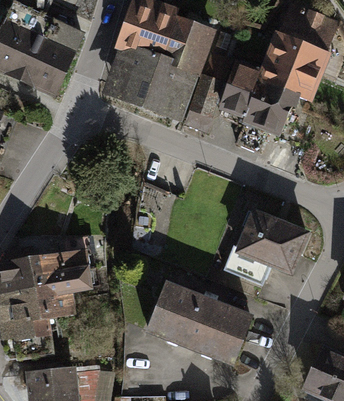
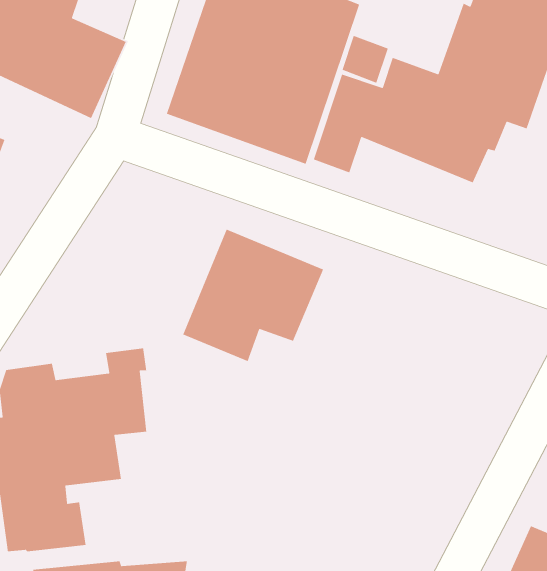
building: [223,203,307,282] -> [182,228,324,362]
building: [138,274,253,361] -> none

